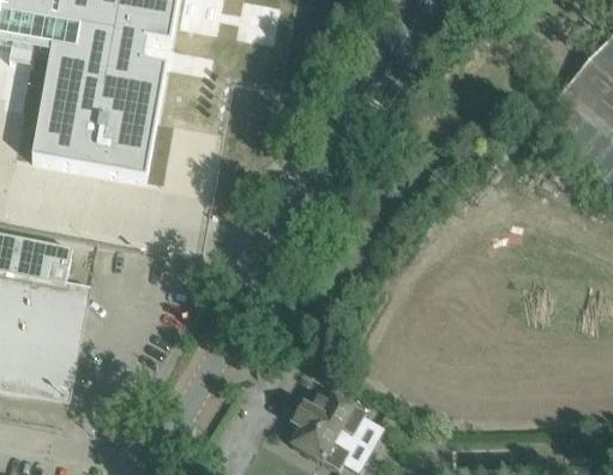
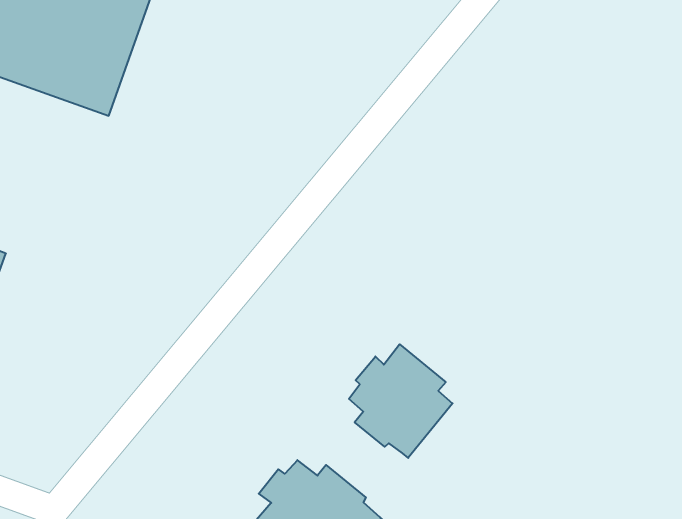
building: none -> [349,344,453,458]

